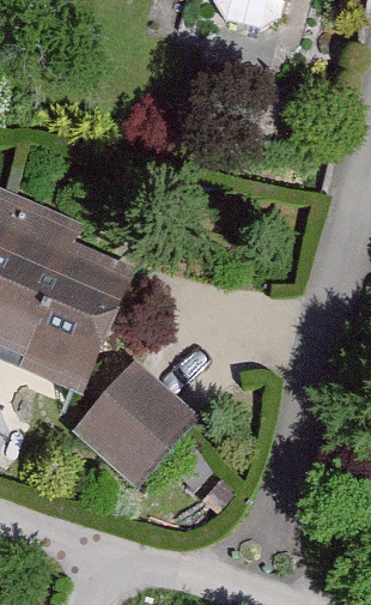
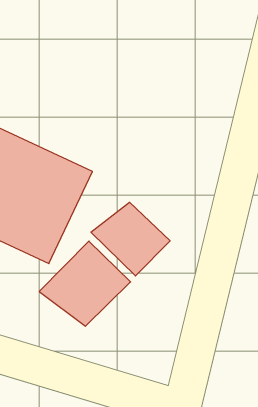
building: none -> [91,202,170,276]

